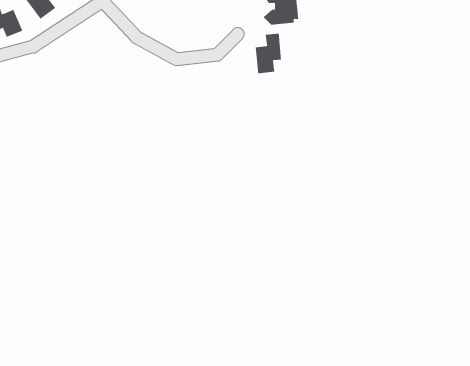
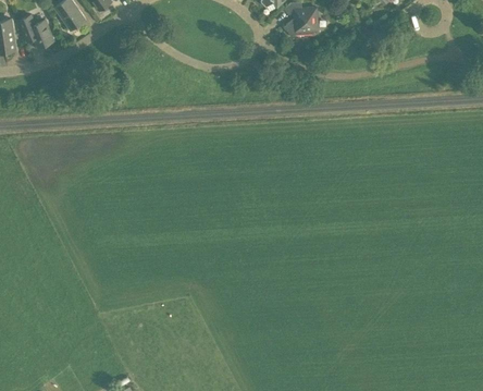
building: [255,33,282,74] -> none

